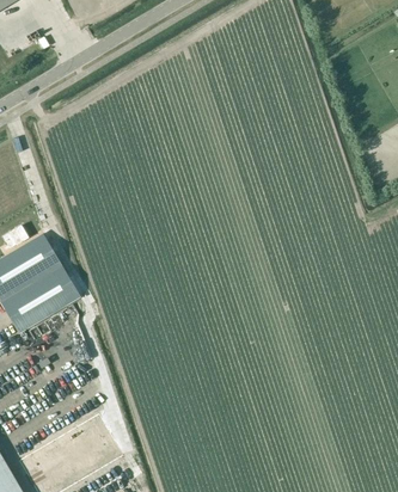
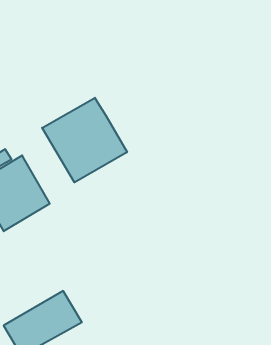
building: none -> [42,98,127,182]

